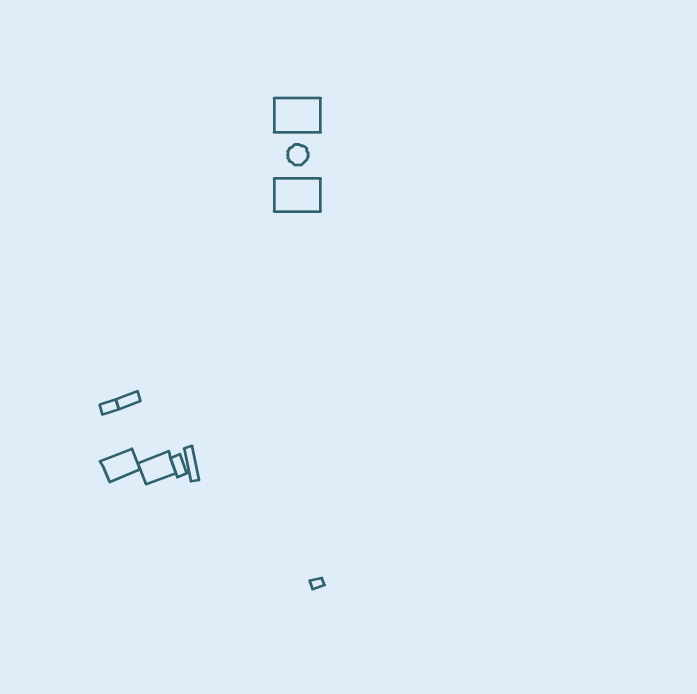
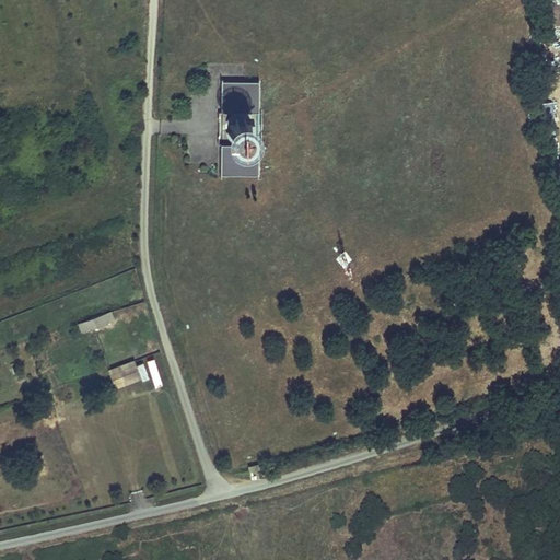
building: [100,449,140,482] -> none

